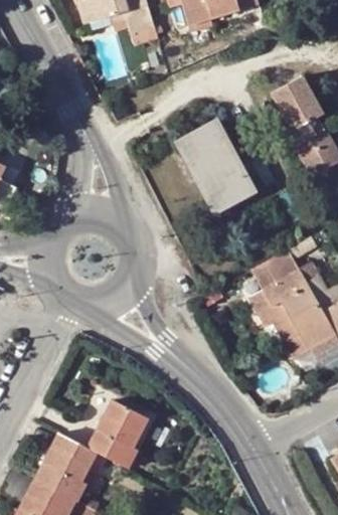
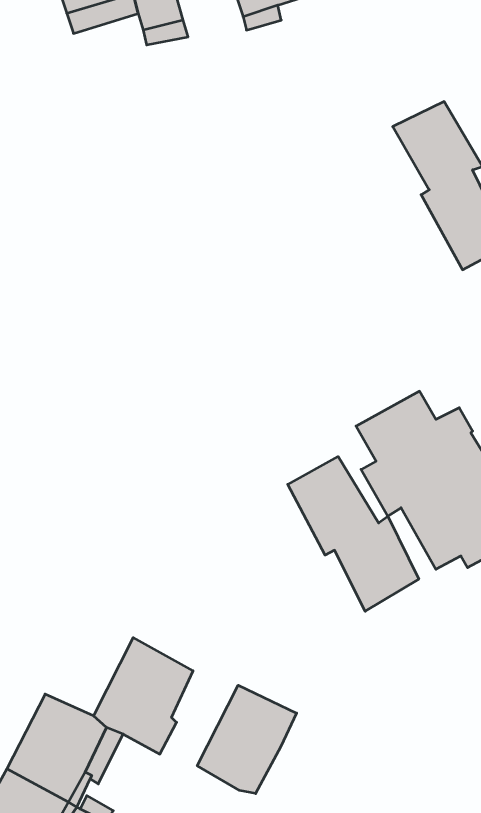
building: [177,122,252,211] -> none
building: none -> [288,457,419,611]
building: none -> [197,685,297,794]

